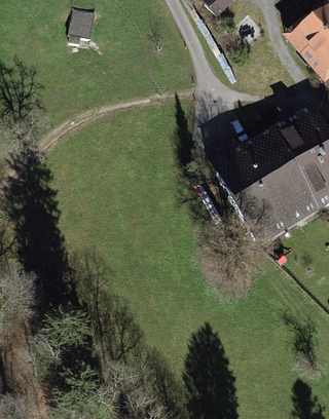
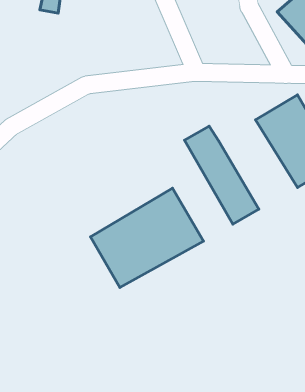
building: [241,137,316,222] -> none
building: none -> [90,188,203,288]

